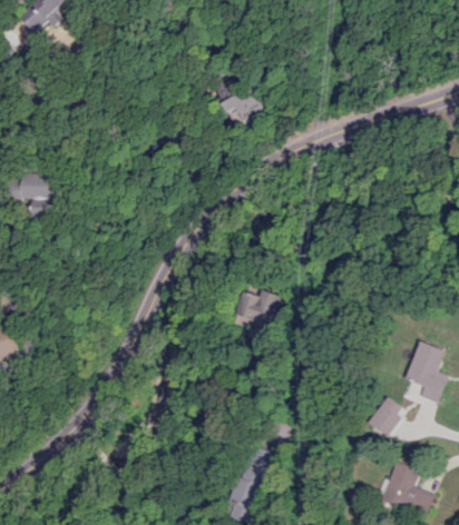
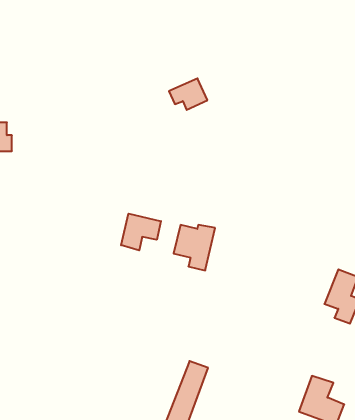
building: [218,87,262,122] -> [169,78,207,110]
building: none -> [121,214,161,250]
building: [368,397,404,435] -> none

